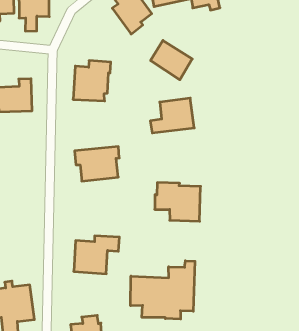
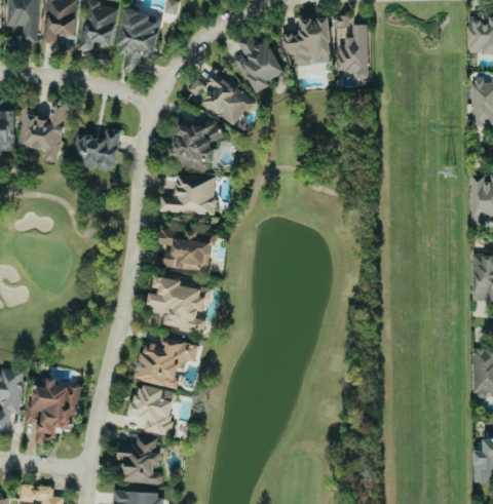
building: [151,40,192,80] -> [197,72,250,124]
building: [150,98,194,133] -> [160,175,215,214]
building: [155,183,201,221] -> [147,275,208,332]
building: [131,261,195,319] -> none
building: none -> [130,384,177,435]

